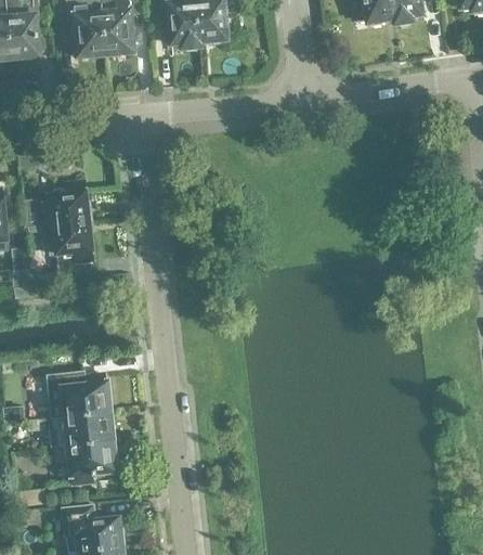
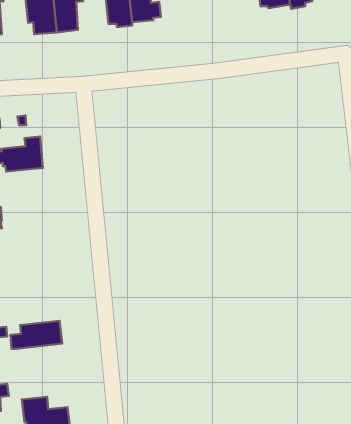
building: [44,222,94,262] -> none
building: [49,373,110,418] -> none
building: [56,440,117,483] -> none

